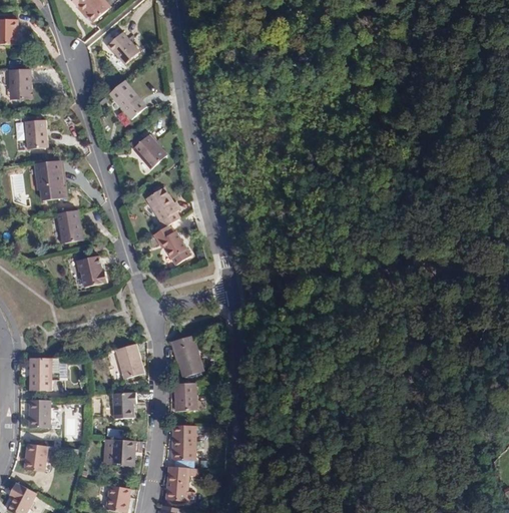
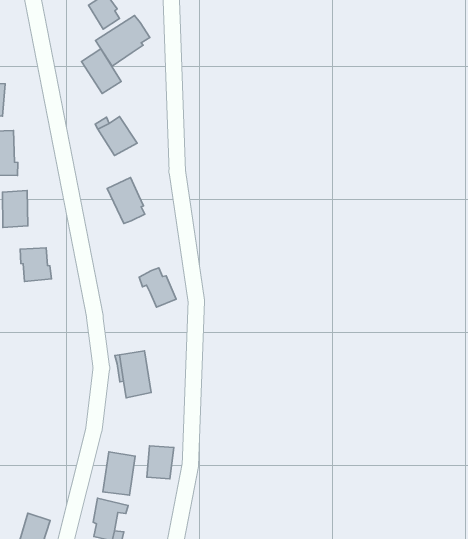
building: none -> [95,15,150,66]
building: [152,224,186,259] -> [139,268,176,307]
building: [114,344,143,378] -> none
building: [173,383,194,411] -> [147,446,174,479]
building: [116,392,139,418] -> none
building: [111,439,134,464] -> none

